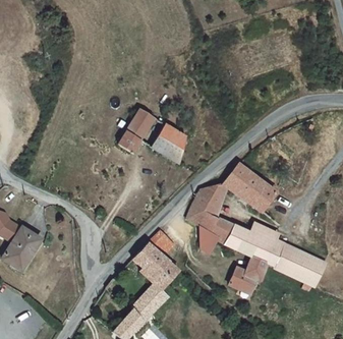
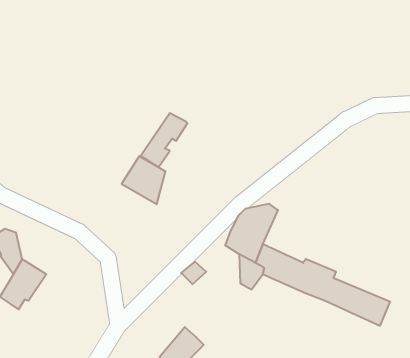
building: [151,124,186,163] -> [122,156,166,204]
building: [221,163,274,211] -> none
building: [131,242,176,291] -> none
building: [228,256,266,290] -> none

